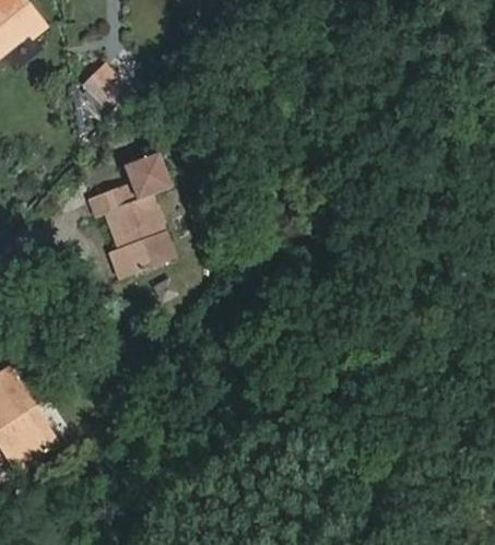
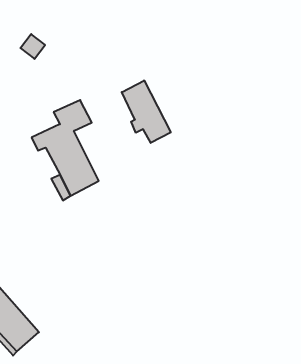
building: none -> [122,80,171,143]

